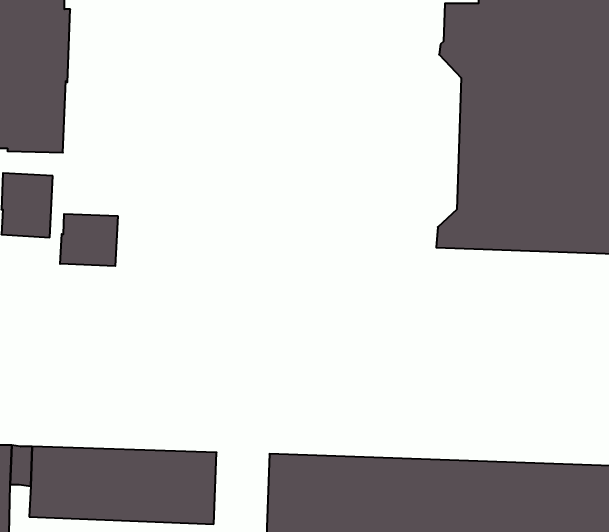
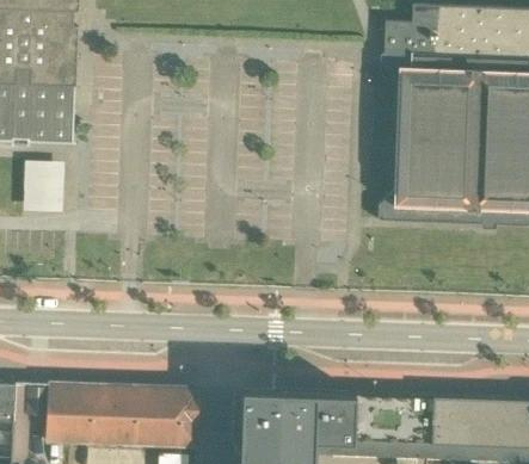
building: [60,214,118,266] -> none

